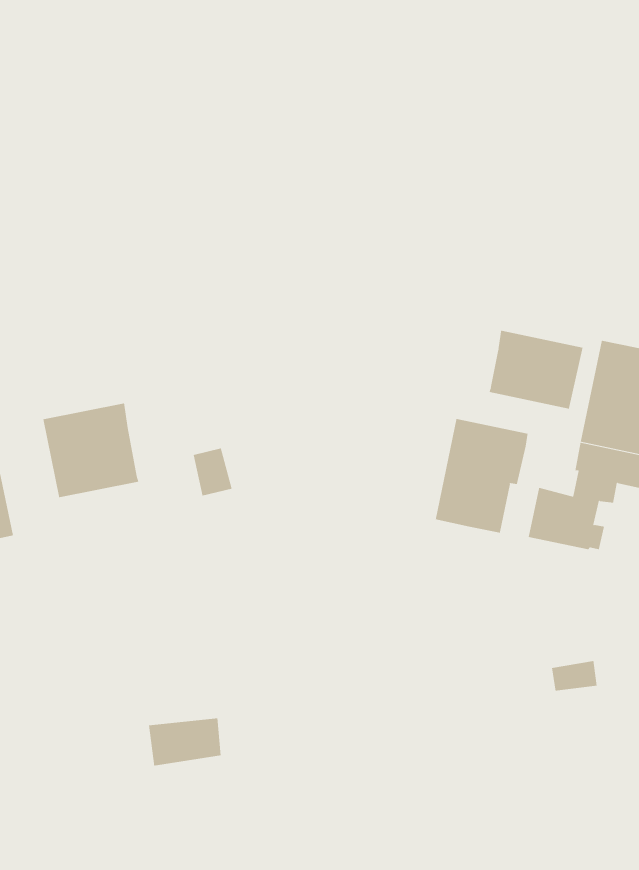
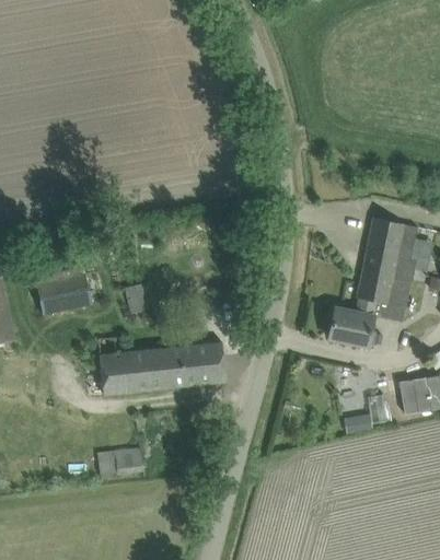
building: [489,330,583,410] -> none
building: [435,418,528,534] -> none
building: none -> [99,341,227,395]

